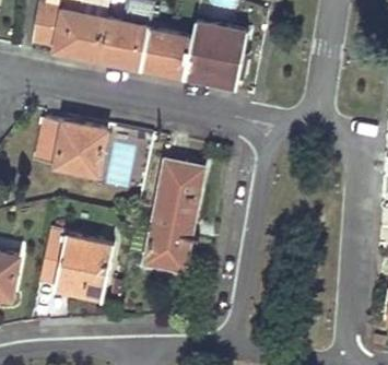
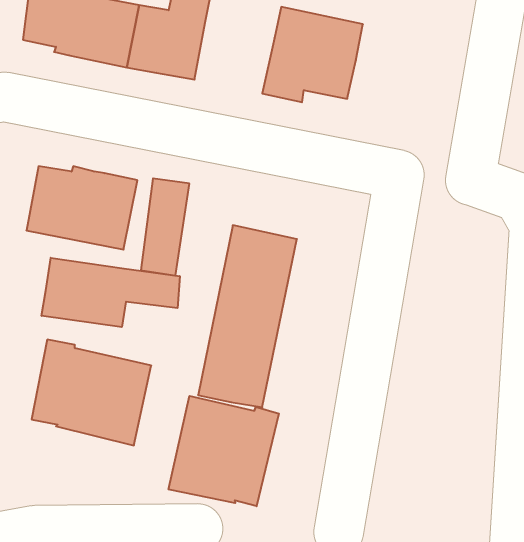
building: [141,31,191,75] -> none
building: none -> [42,258,180,327]
building: none -> [169,396,279,506]

